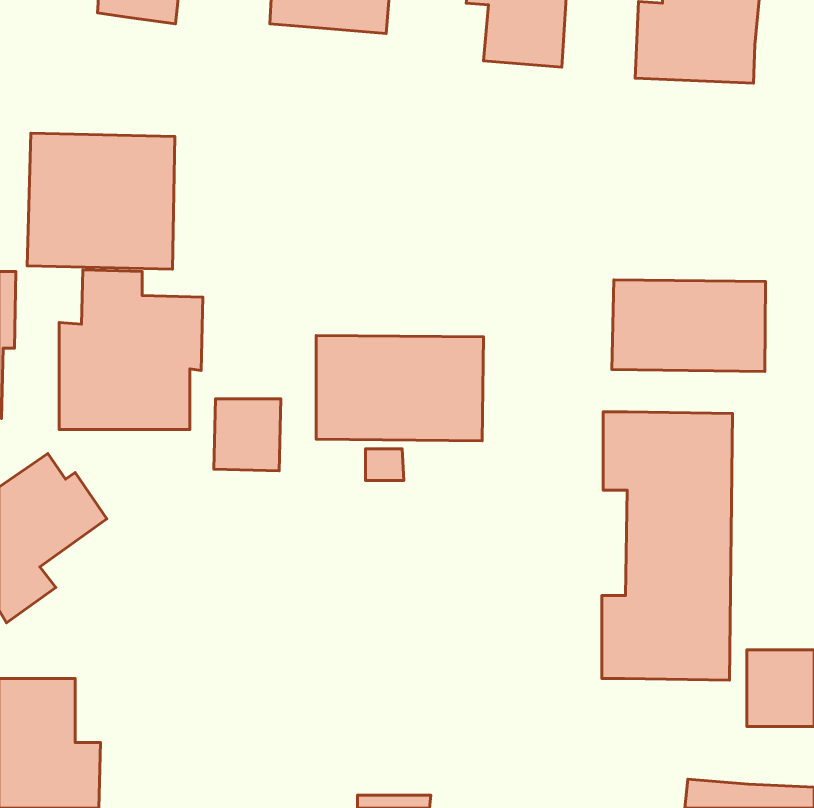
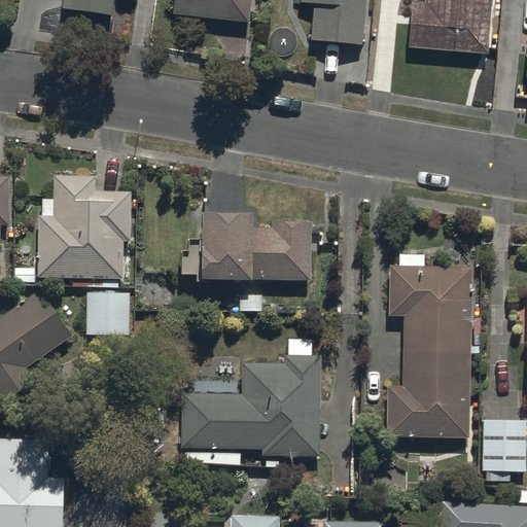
building: [27,133,175,269] -> none
building: [612,280,766,371] -> none
building: [214,399,281,471] -> [86,289,130,336]
building: none -> [171,356,321,456]

